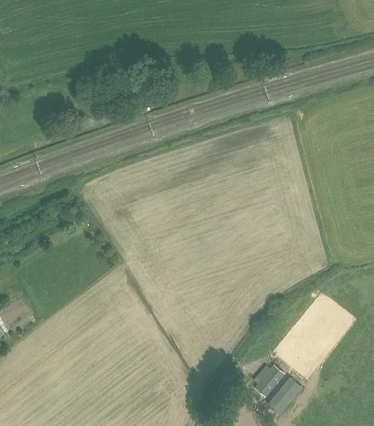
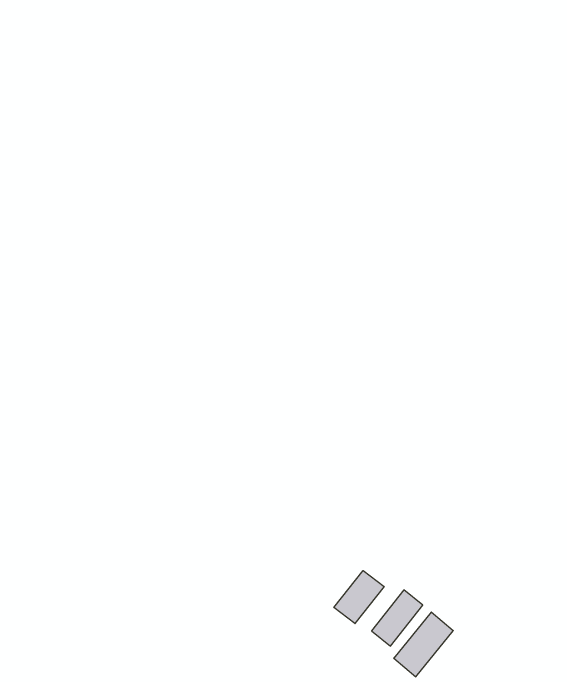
building: none -> [334,571,384,624]

